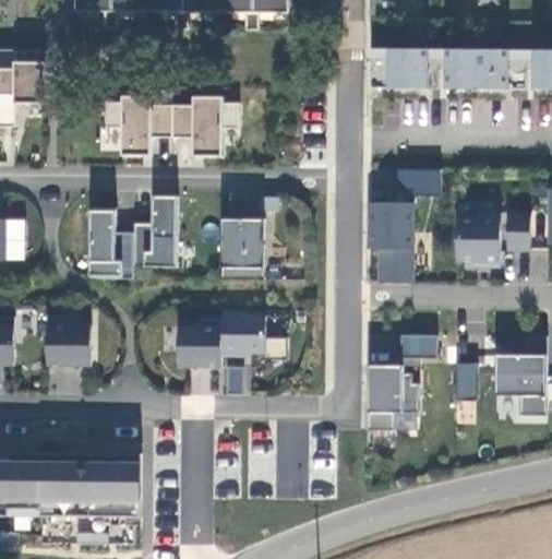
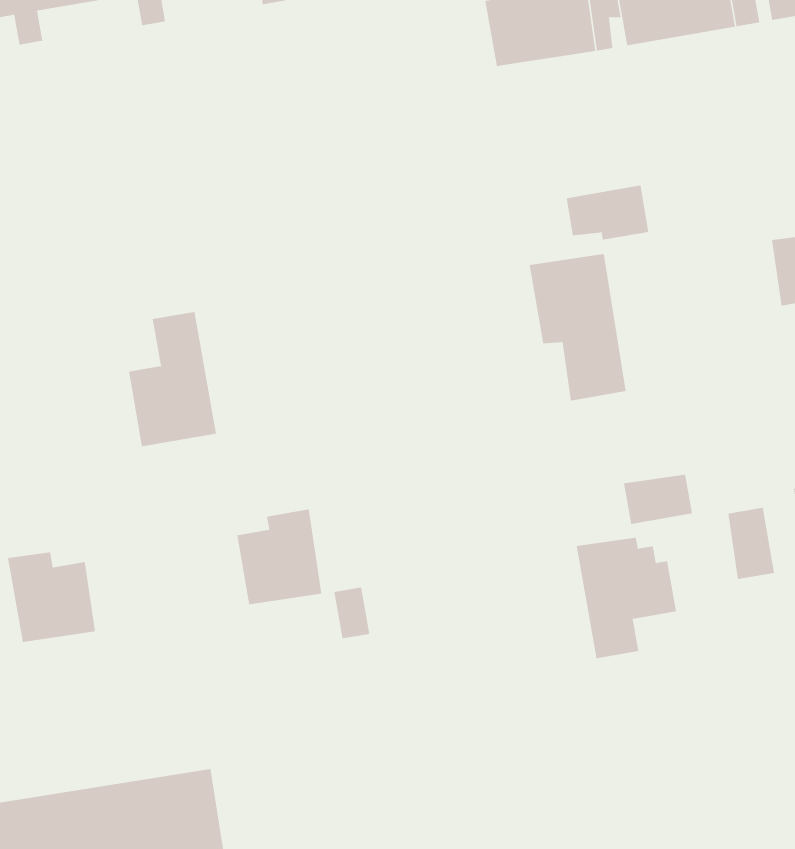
building: [105,95,239,155] -> none
building: [89,205,133,276] -> none
building: [456,211,500,265] -> none
building: [220,217,264,278] -> none
building: [221,311,265,355] -> none

